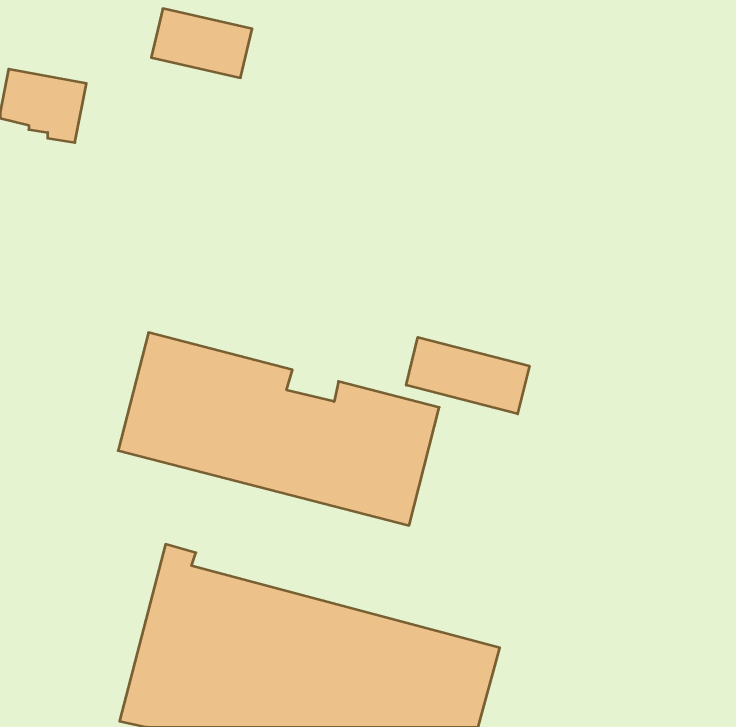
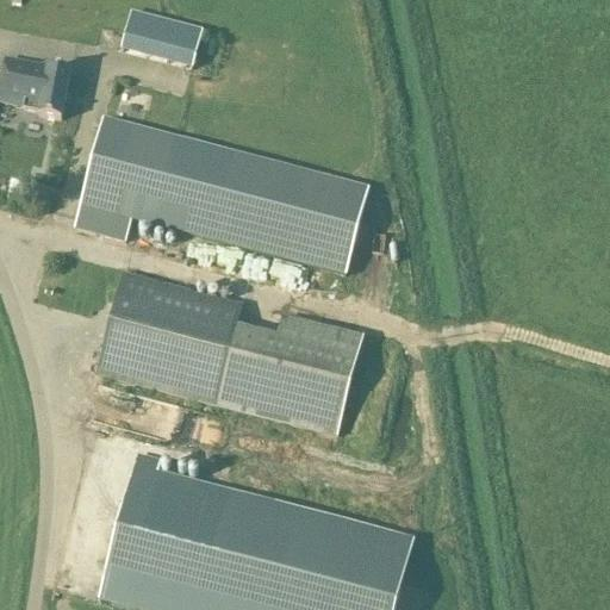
building: none -> [74,118,366,273]
building: [406,337,529,414] -> none

